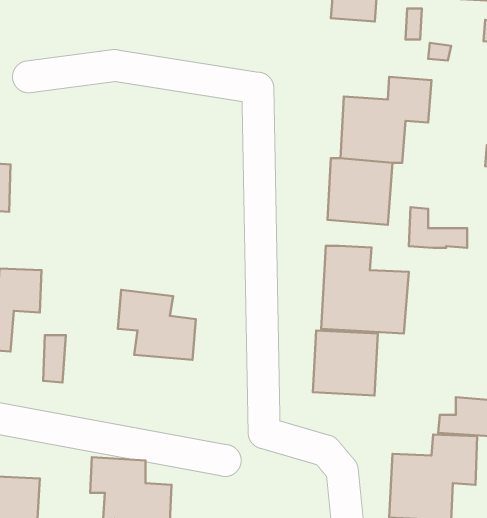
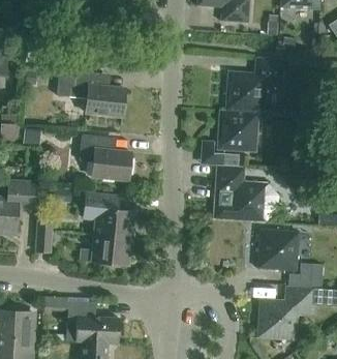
building: none -> [56,69,126,118]
building: none -> [80,136,131,180]
building: [409,207,467,248] -> [202,141,239,167]
building: [313,330,378,395] -> [257,230,299,271]
building: none -> [80,236,132,266]

